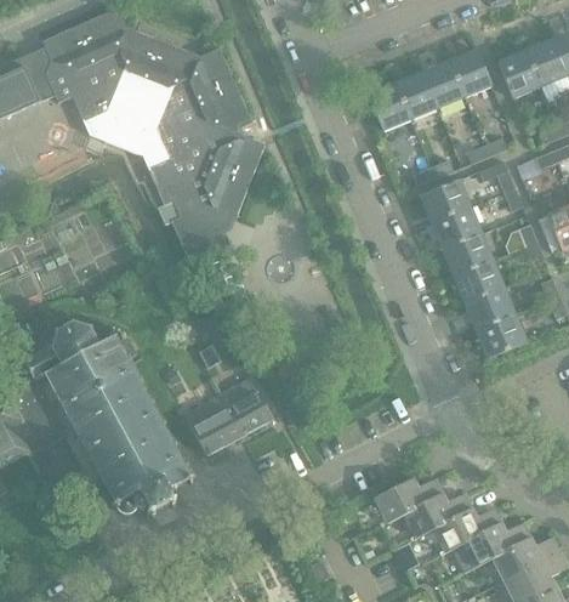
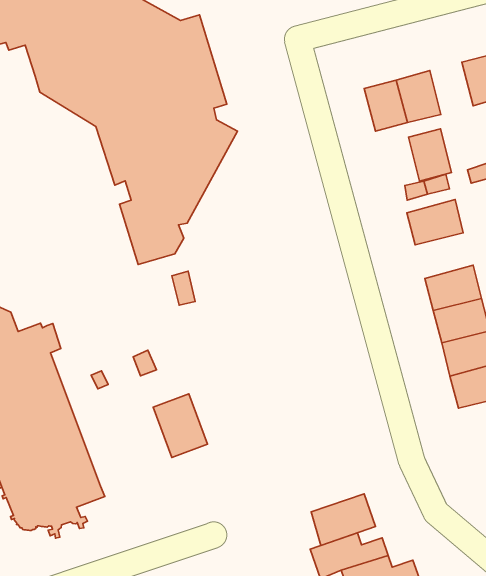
building: [423,61,465,108] -> [408,129,452,181]
building: [431,208,483,251] -> none
building: [186,393,245,455] -> none
building: none -> [311,494,375,546]

